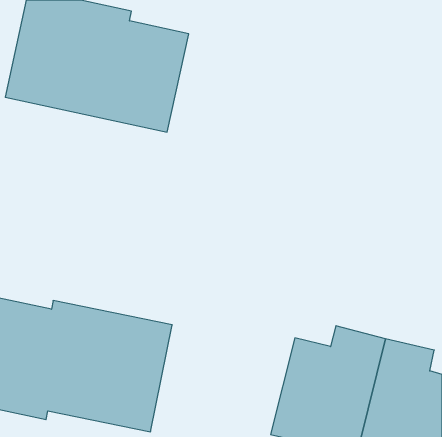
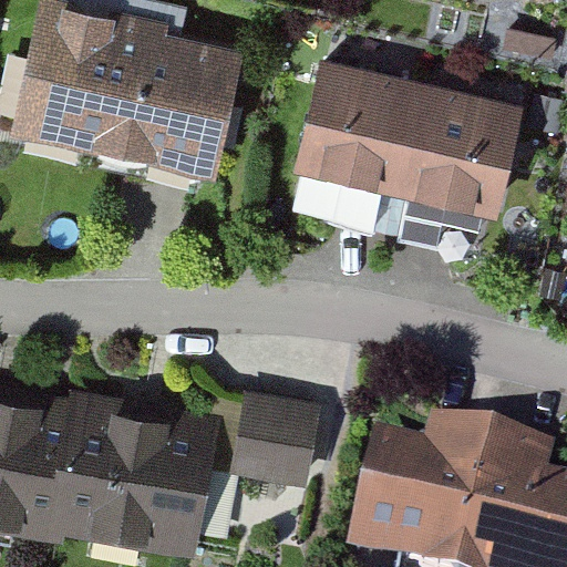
building: none -> [295,64,524,221]
building: none -> [238,395,317,488]

